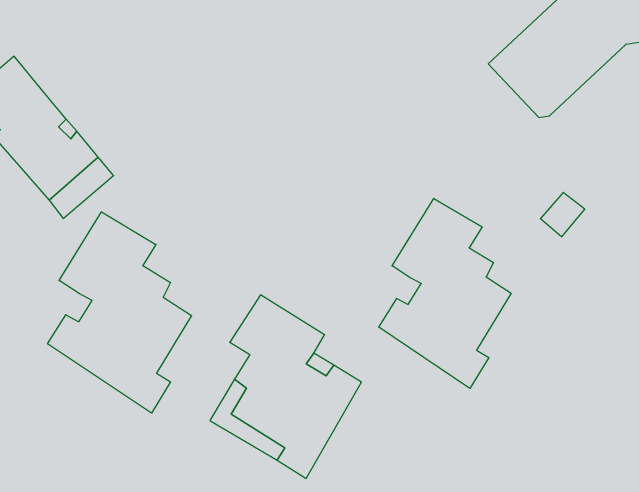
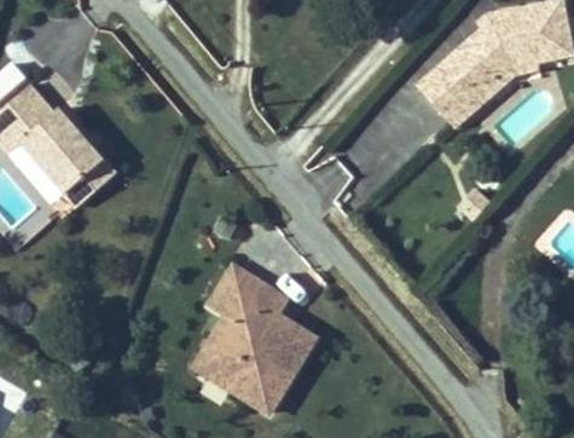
building: [379,198,511,388] -> none
building: [48,212,192,413] -> none

